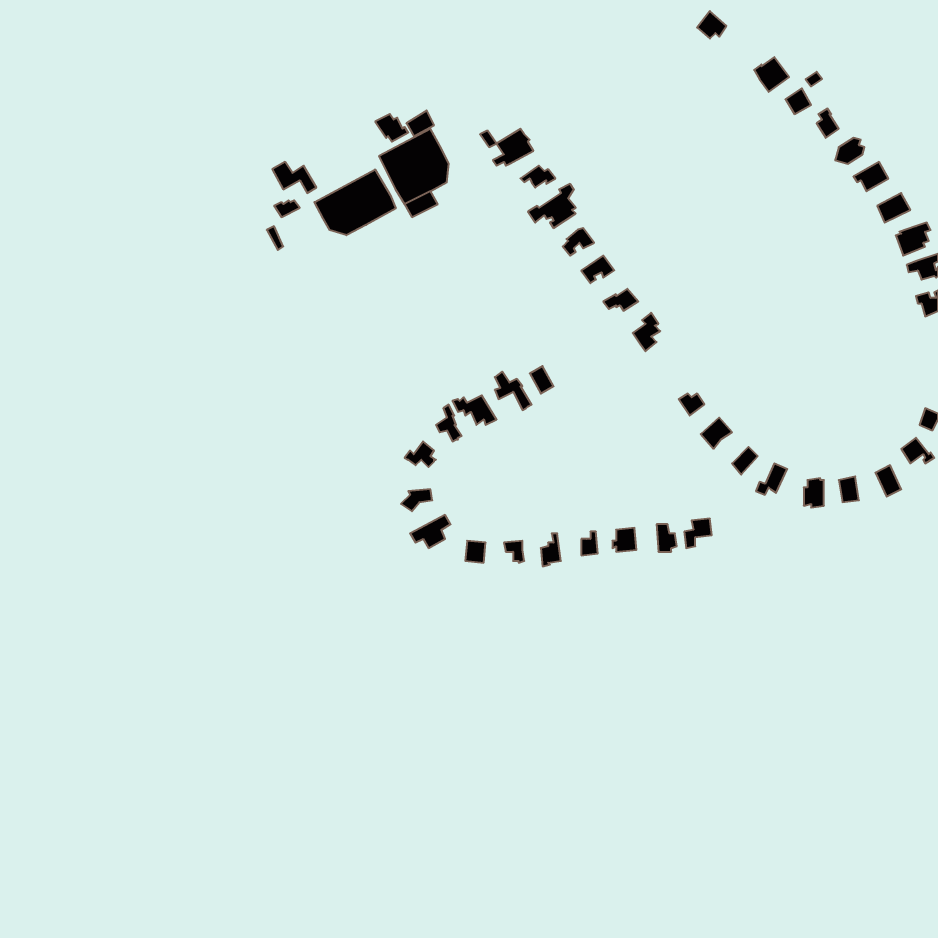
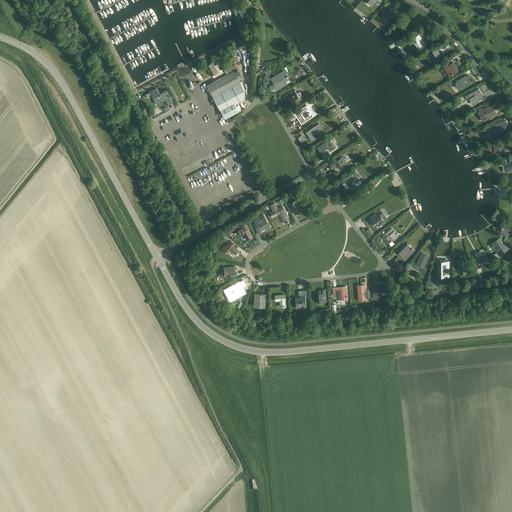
building: [314,169,396,235] -> none

